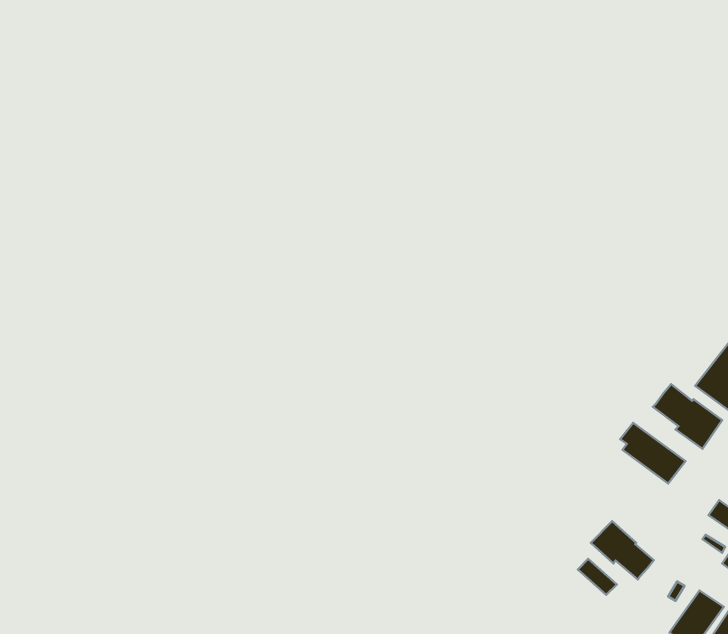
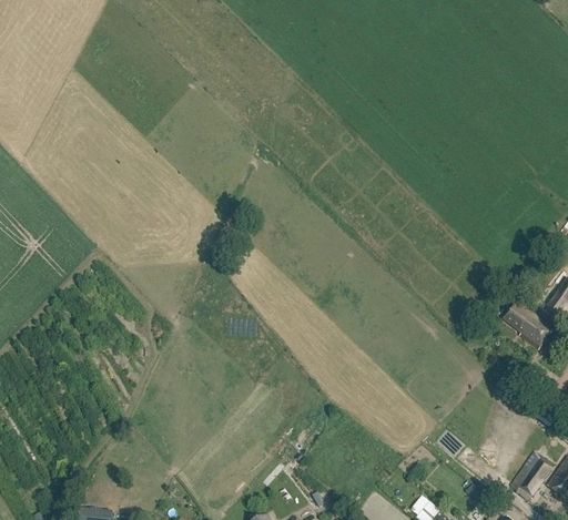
building: [620,423,685,484] -> none
building: [591,521,654,580] -> none

